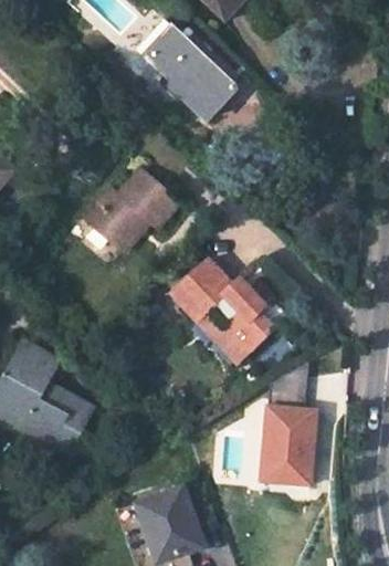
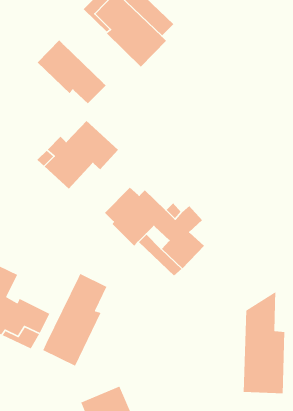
building: none -> [37,40,106,104]
building: none -> [42,273,107,367]
building: [267,360,318,484] -> [243,291,285,394]

